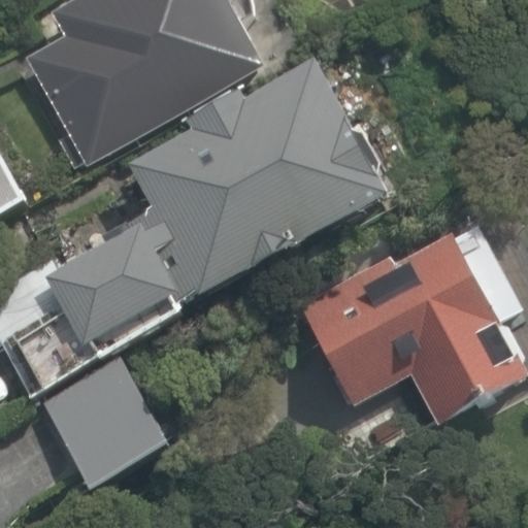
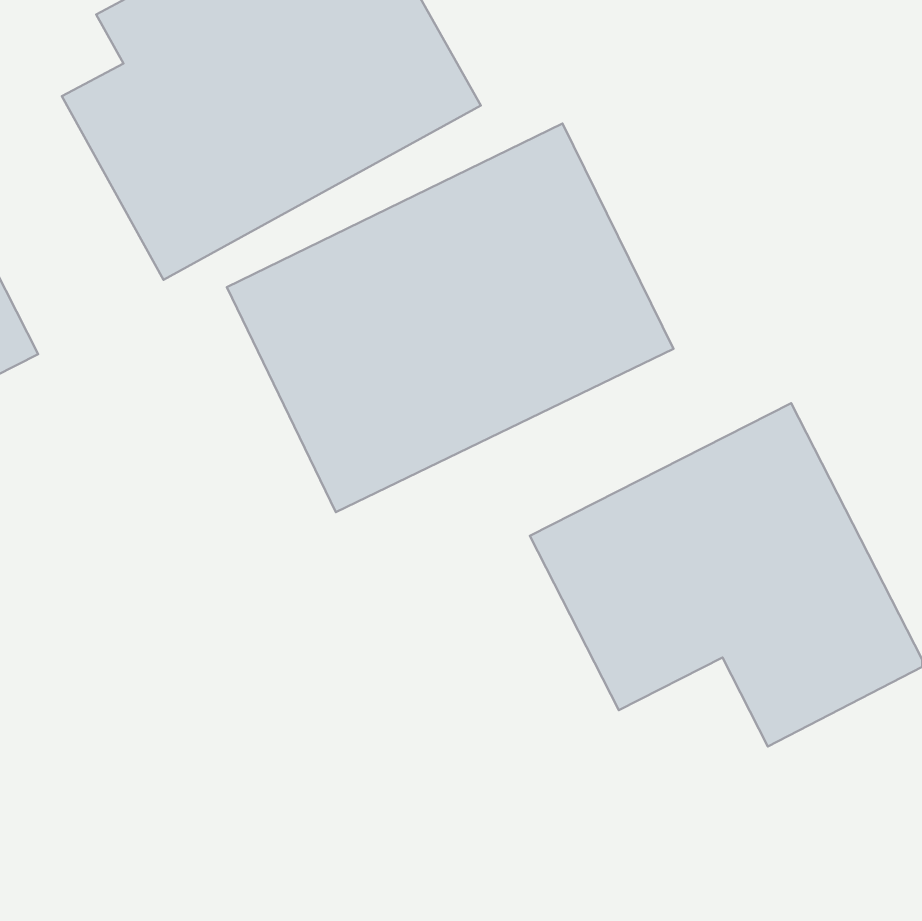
building: [46,231,169,340] -> none
building: [41,361,162,486] -> none

